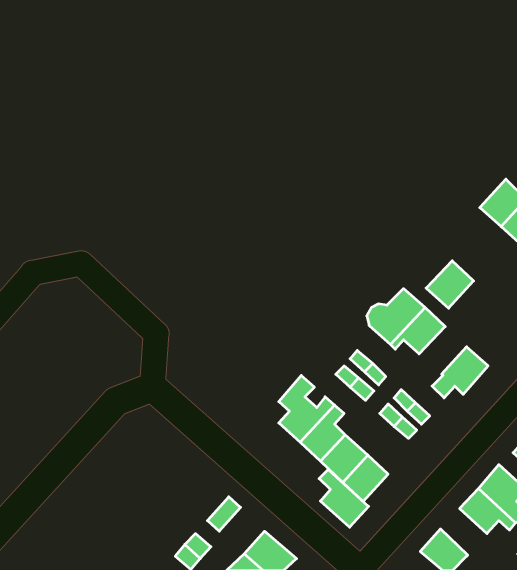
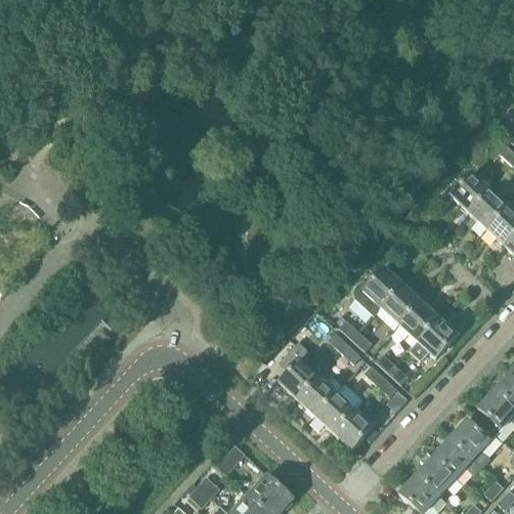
building: [426,261,474,308] -> [398,299,439,340]
building: [319,469,369,527] -> none
building: none -> [417,456,457,496]

